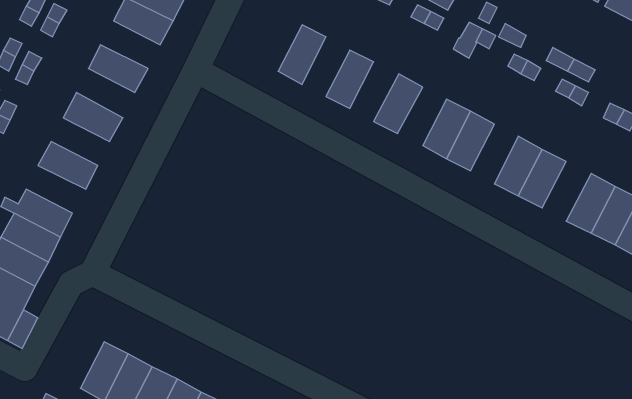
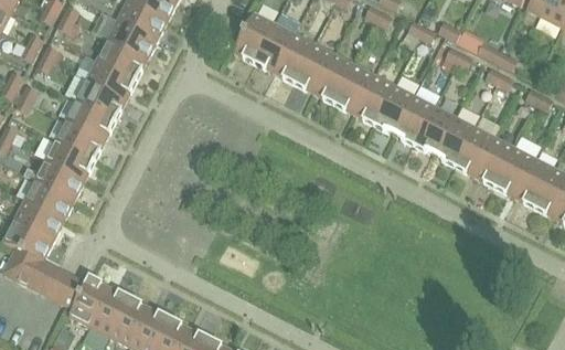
building: none -> [233,11,274,61]
building: none -> [106,19,156,59]
building: none -> [274,32,313,82]
building: none -> [313,53,354,103]
building: none -> [86,59,135,99]
building: none -> [353,74,394,123]
building: none -> [65,99,114,139]
building: none -> [414,105,454,155]
building: none -> [473,136,514,185]
building: none -> [44,139,94,179]
building: none -> [58,275,109,325]

